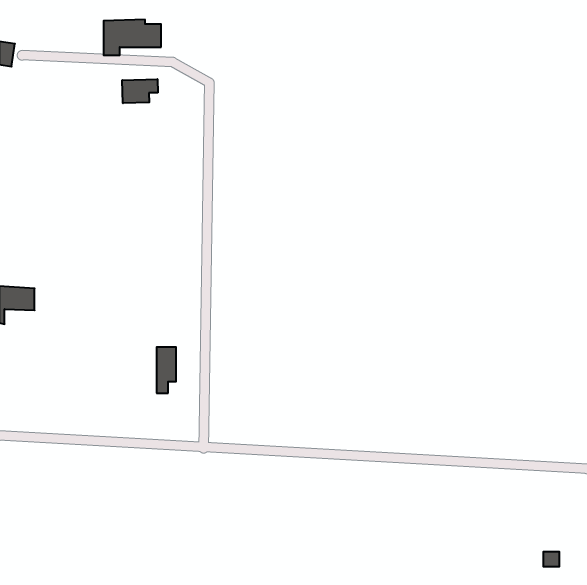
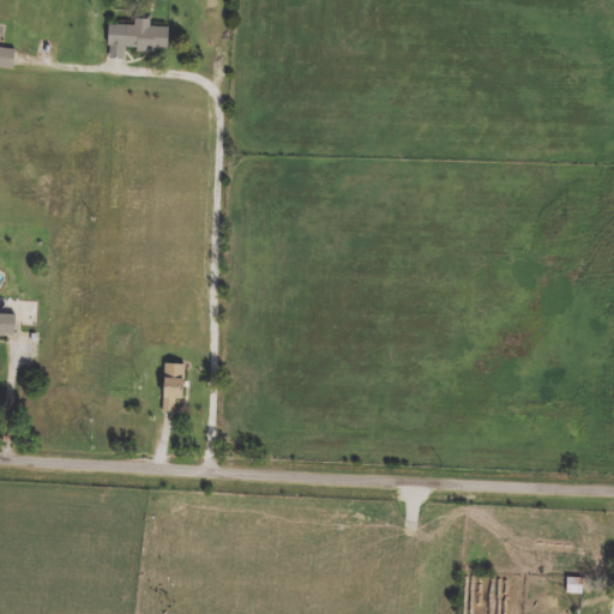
building: [122,79,158,103] -> none

